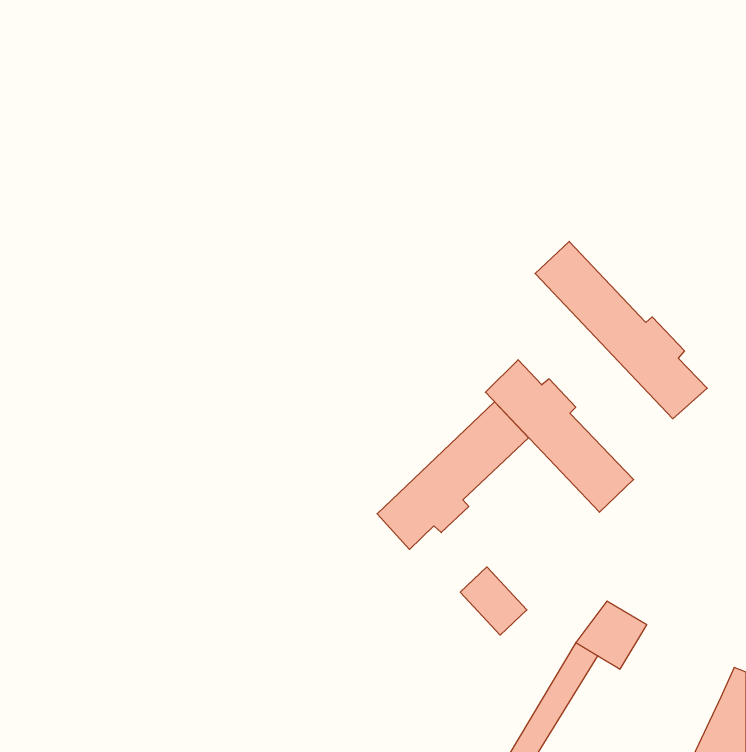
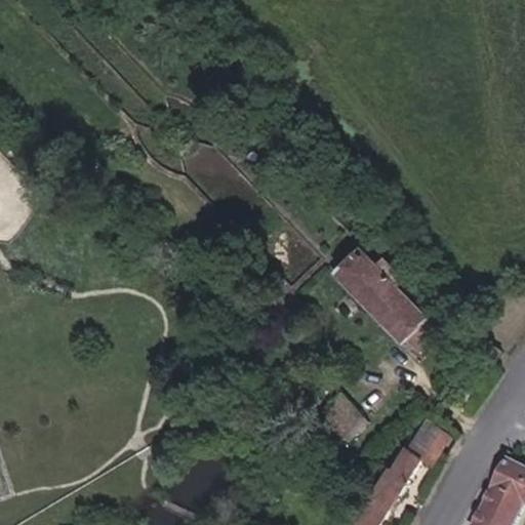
building: [535,241,707,419] -> none
building: [377,402,529,549] -> none

